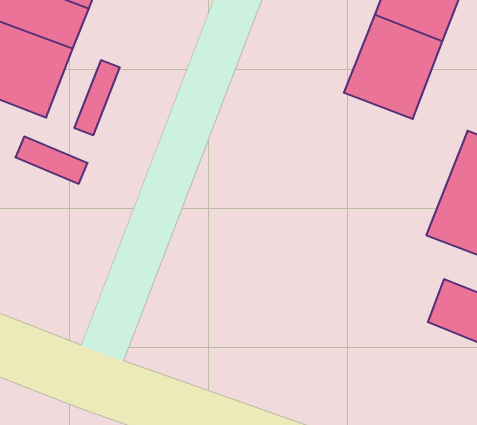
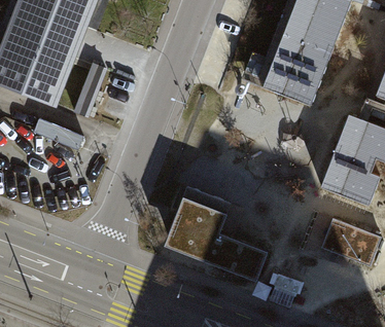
building: none -> [164,186,268,281]

